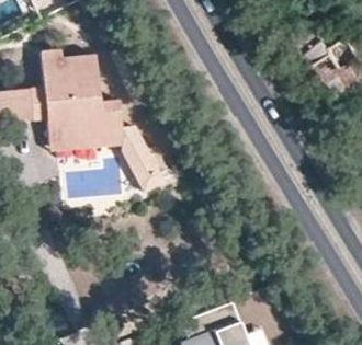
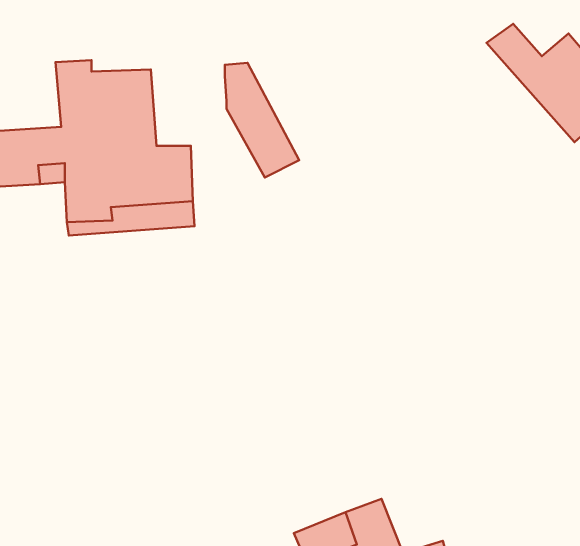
building: [121,124,163,189] -> [225,63,299,177]

